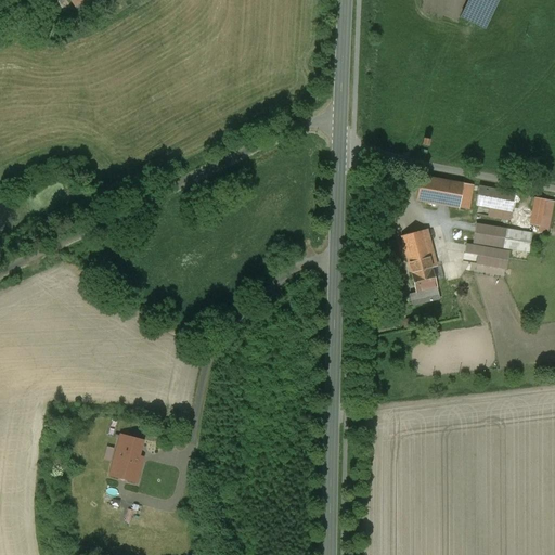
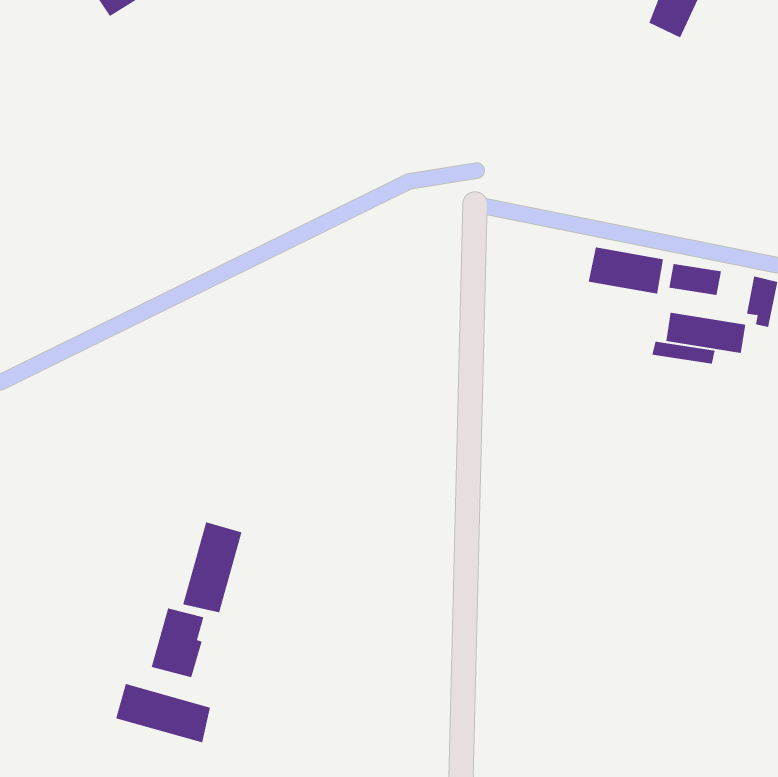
building: [399,229,440,306] -> none
building: none -> [182,522,242,613]
building: none -> [116,683,211,743]

